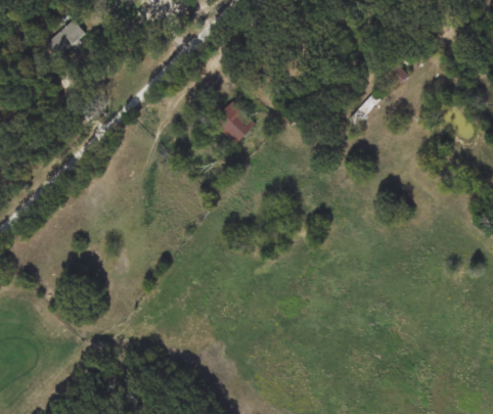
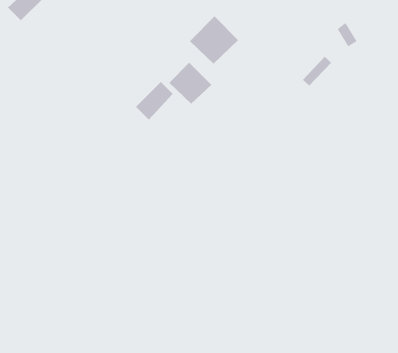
building: none -> [189,16,239,64]
building: none -> [135,81,174,120]

